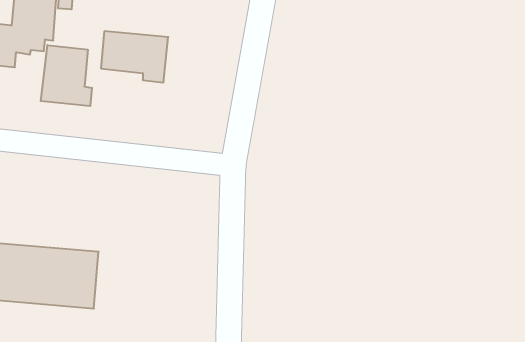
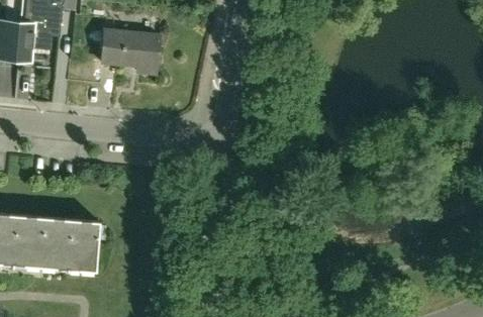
building: [41,45,92,106] -> none

